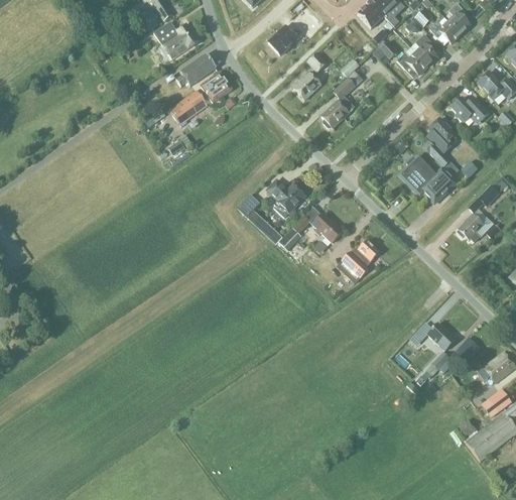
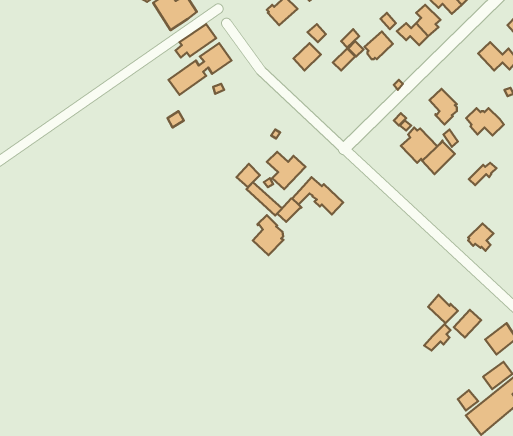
building: [453,97,490,124] -> [466,108,504,136]
building: [321,101,350,128] -> [365,32,393,59]
building: [459,215,484,242] -> [468,223,494,251]
building: [343,241,380,283] -> none
building: none -> [253,215,283,255]

